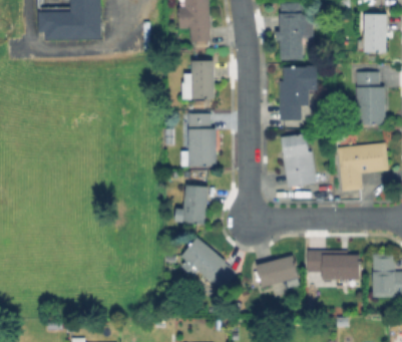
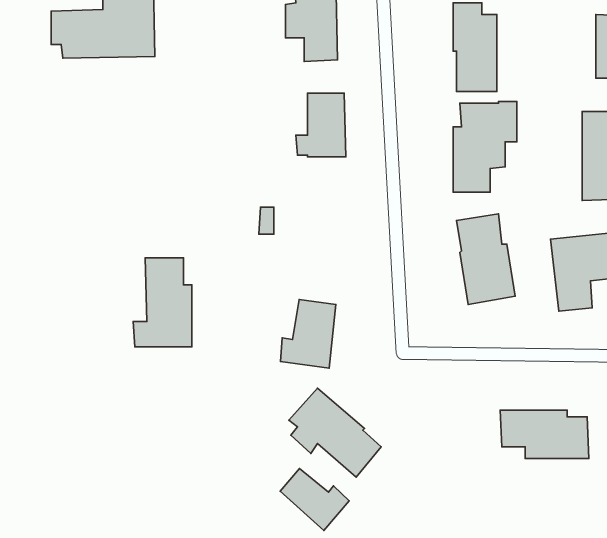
building: [180,113,216,166] -> [133,258,192,347]
building: [256,256,299,288] -> none
building: none -> [280,469,349,530]

